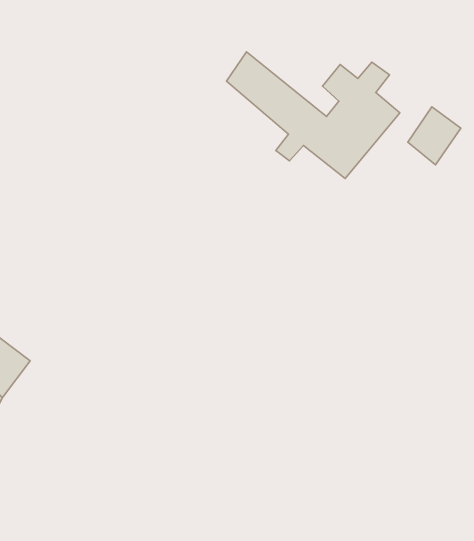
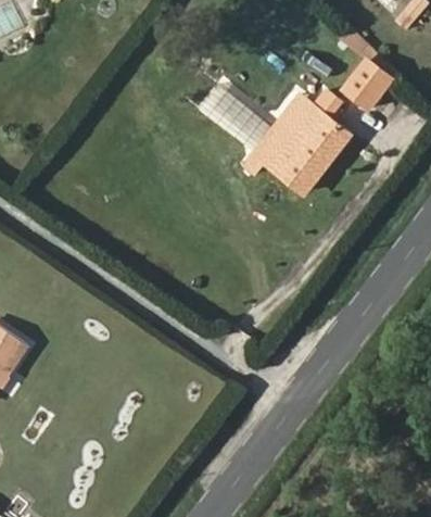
building: [408,107,461,165] -> [347,58,393,108]

